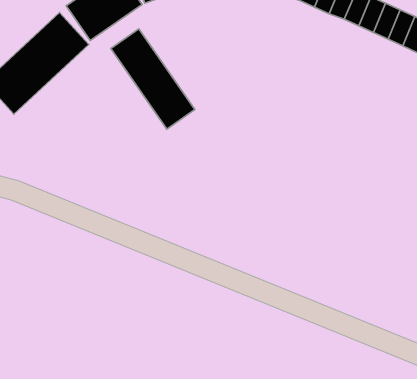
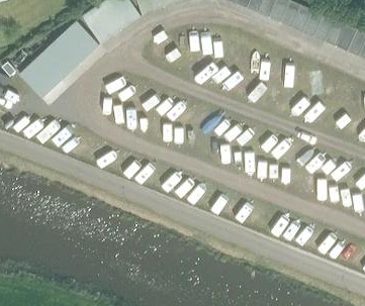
building: [111,29,195,129] -> none

